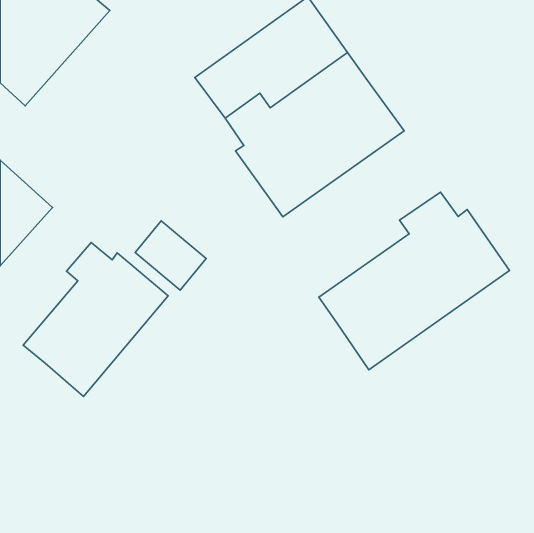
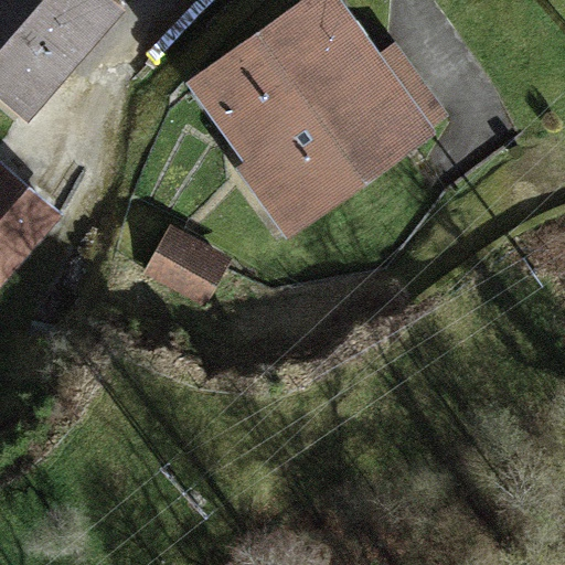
building: [319,192,510,370] -> none
building: [23,243,168,397] -> none

